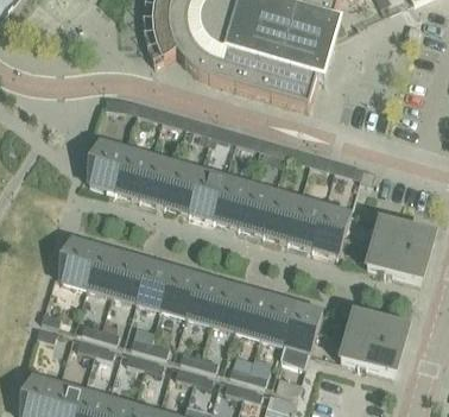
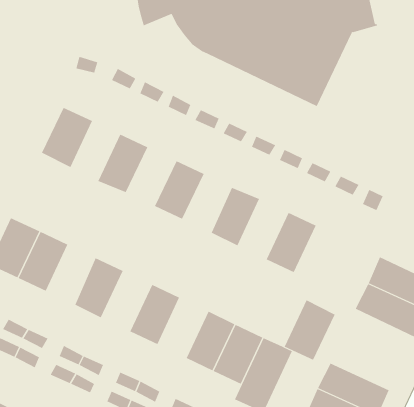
building: [115,147,151,196] -> none
building: [164,162,201,209] -> none
building: [214,176,249,223] -> none
building: [263,189,299,238] -> none
building: [312,203,350,252] -> [284,300,336,360]
building: [112,252,147,301] -> none
building: [160,266,197,315] -> none
building: [210,280,247,329] -> none

